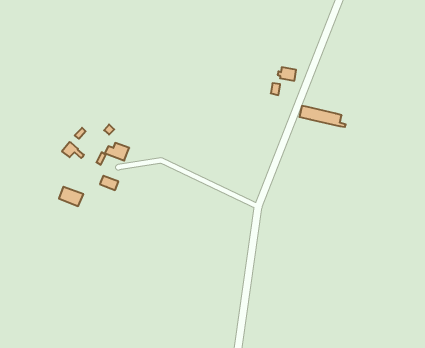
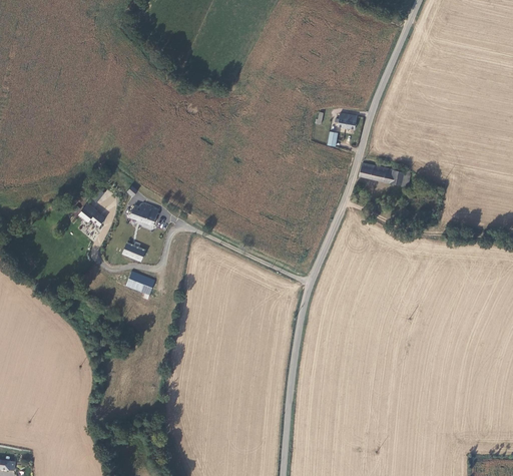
building: [59,187,83,206] -> [127,272,156,295]

